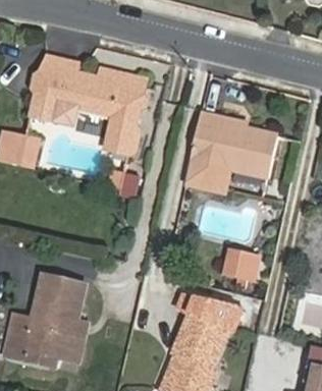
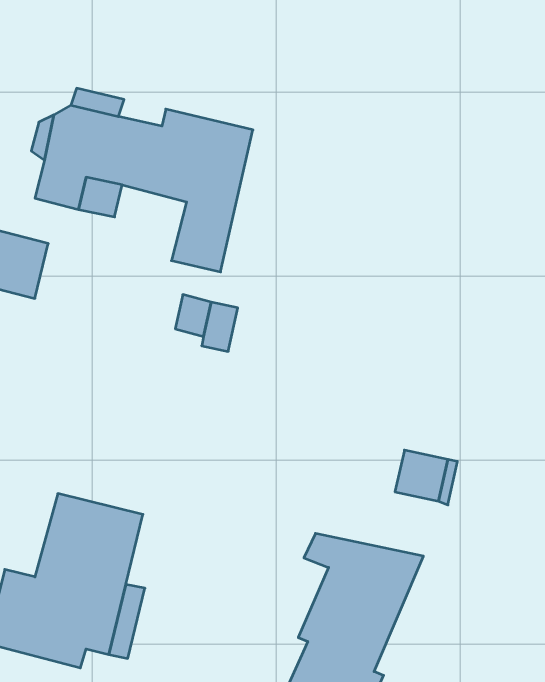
building: [184,110,276,190] -> none

